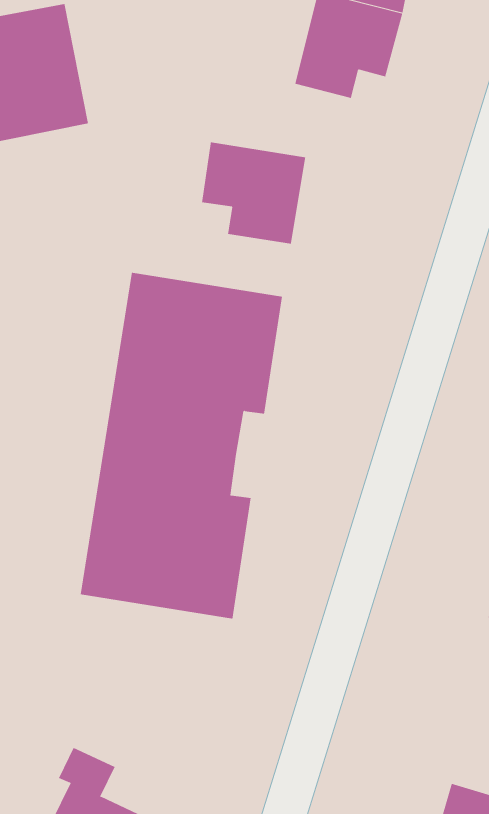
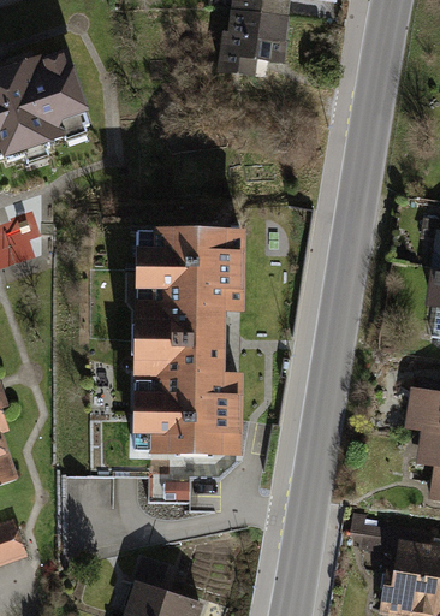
building: [202,142,306,245] -> none

